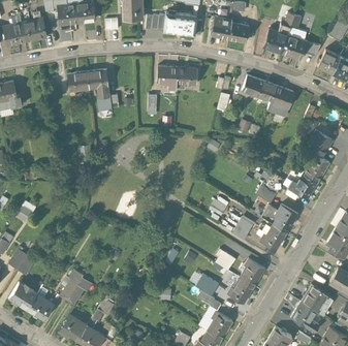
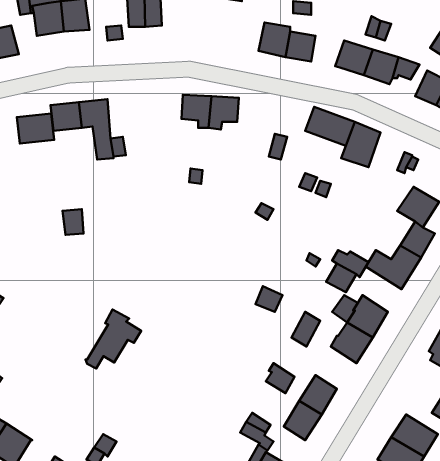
building: [162,11,197,34] -> none
building: none -> [17,114,54,144]
building: [55,269,93,309] -> [86,310,141,368]

